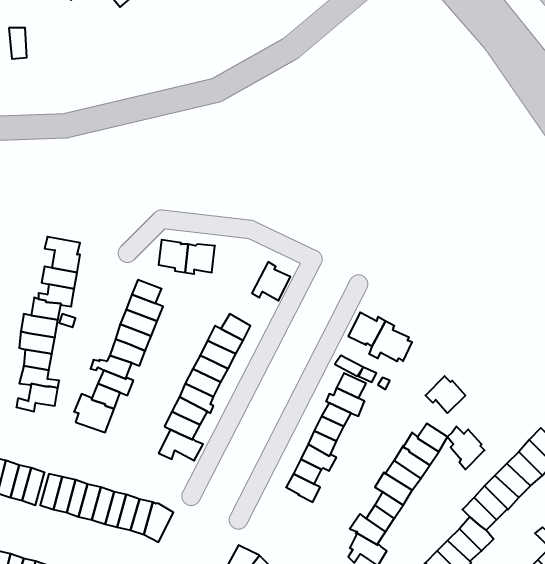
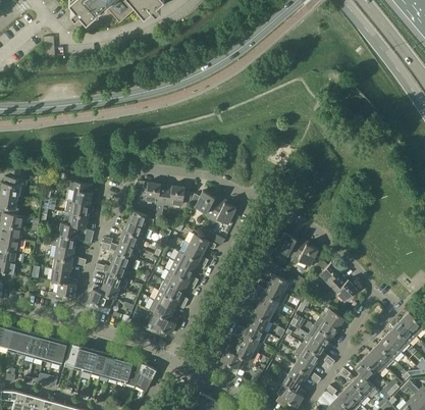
building: none -> [190,193,221,220]
building: [448,426,485,469] -> [317,261,342,291]
building: none -> [221,350,246,376]

